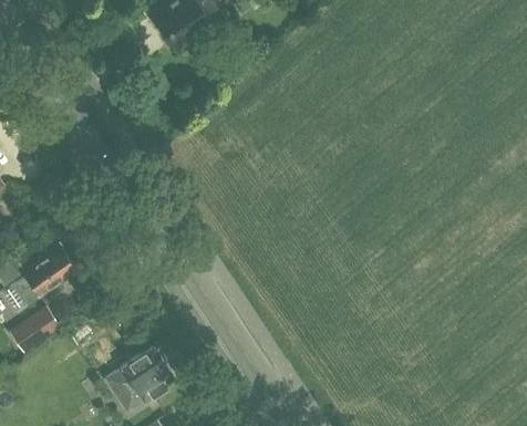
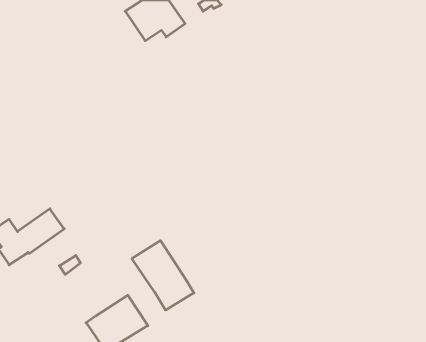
building: none -> [132,241,194,310]
building: [9,304,61,352] -> none

